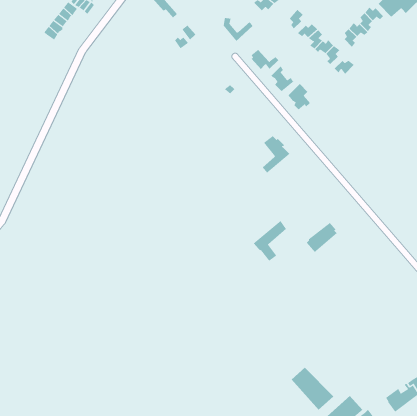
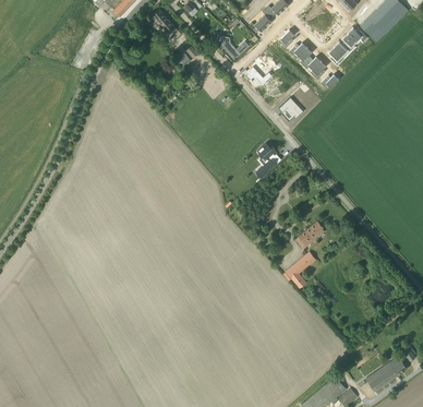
building: [253,220,287,262] -> [285,251,315,288]
building: [291,367,334,410] -> none

